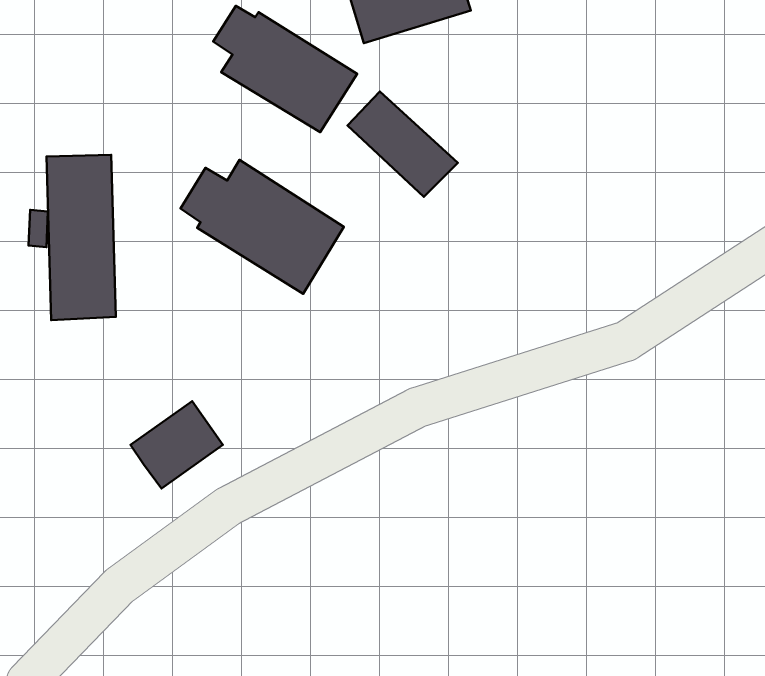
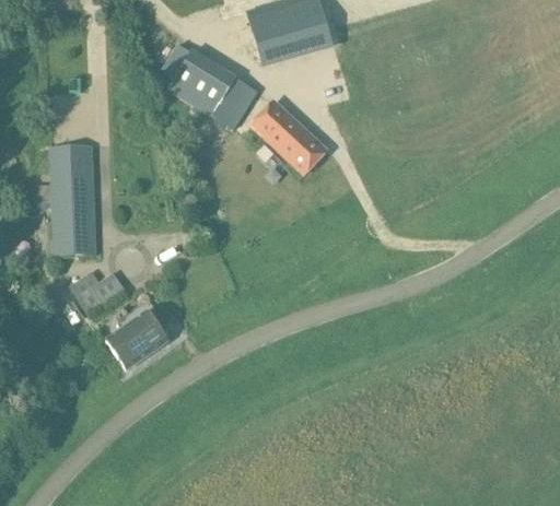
building: [180,160,344,294] -> none
building: none -> [70,270,126,314]

